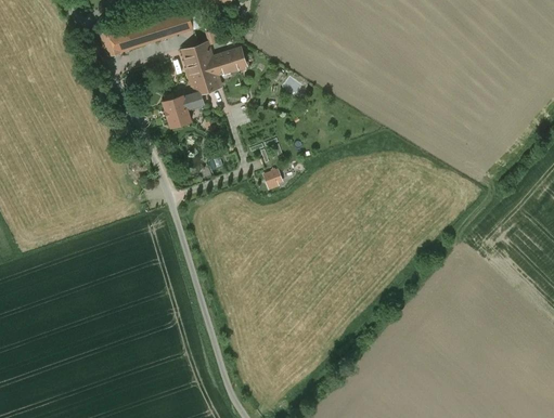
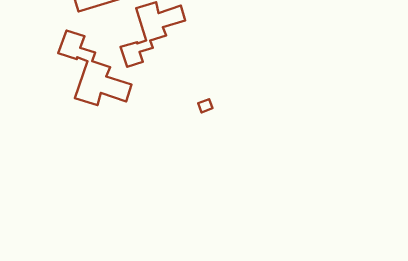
building: none -> [58,30,132,105]

